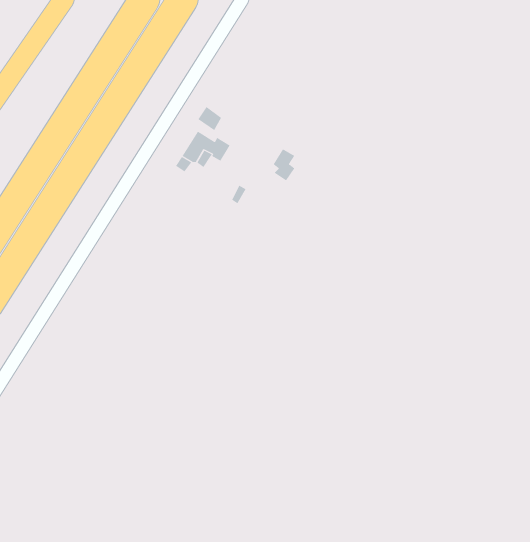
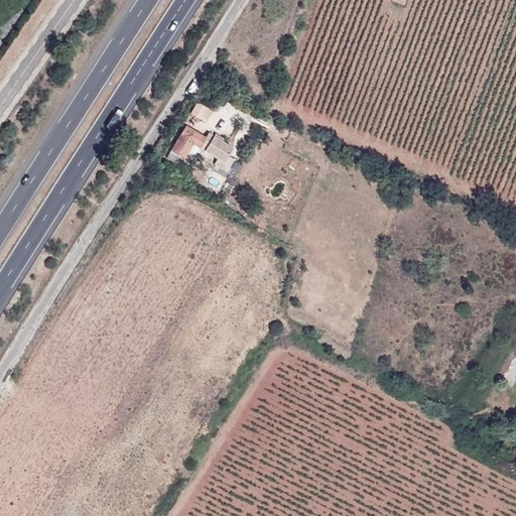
building: [273,148,295,181] -> [210,138,231,169]

